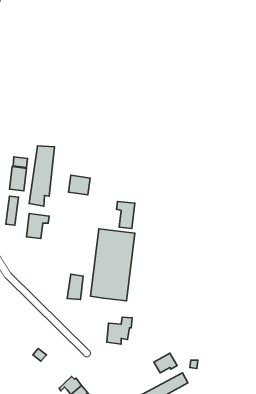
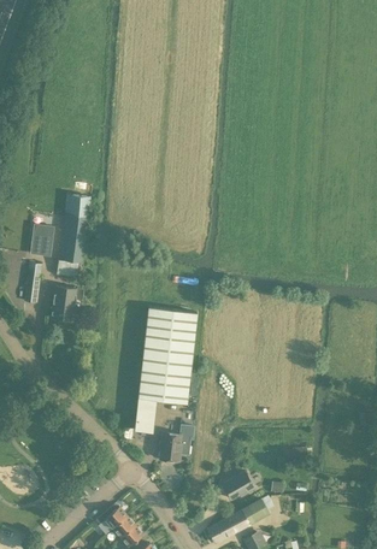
building: [69,175,90,195] -> none
building: [117,201,135,229] -> none
building: [67,274,83,300] -> [134,397,155,431]

